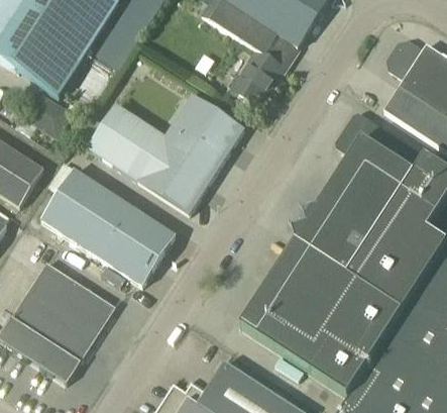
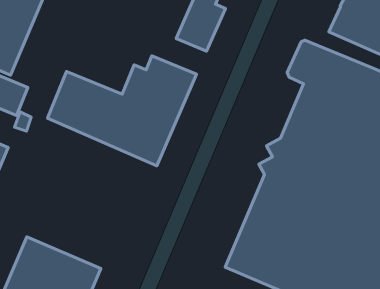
building: [41,160,176,284] -> none

